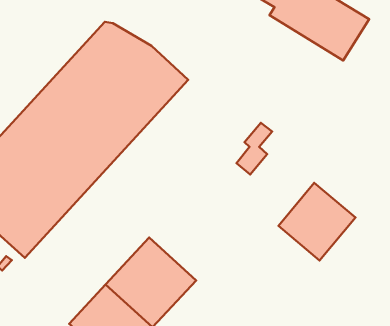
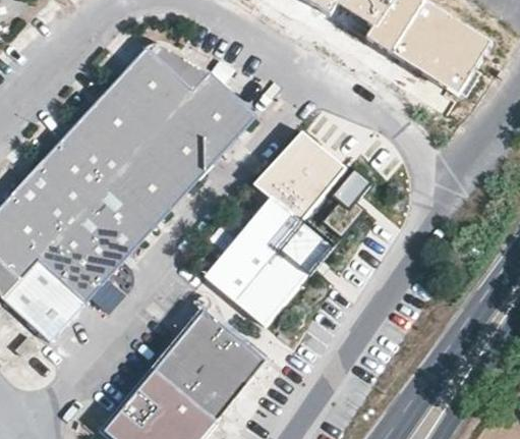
building: none -> [199,125,344,326]
building: [278,183,355,261] -> none

